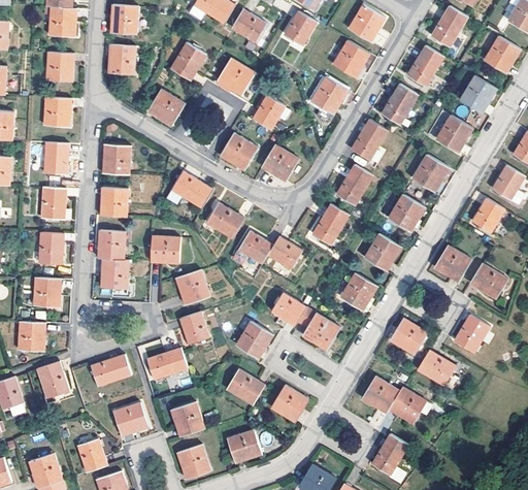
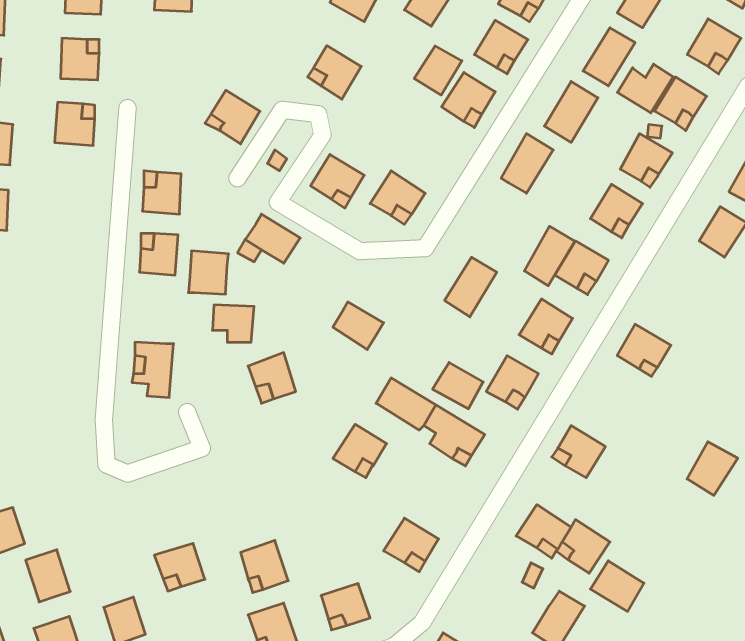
building: [170,42,205,79] -> none
building: [109,44,136,73] -> none
building: none -> [617,64,673,113]
building: [253,96,286,130] -> [414,46,462,95]
building: [43,142,68,174] -> none
building: [337,164,372,205] -> [524,226,575,286]
building: [41,188,66,219] -> none
building: [469,202,501,236] -> none
building: [206,203,244,238] -> none
building: [38,233,63,264] -> none
building: [94,234,122,264] -> [188,251,229,294]
building: [264,241,299,273] -> [433,362,483,409]
building: [467,268,505,303] -> none
building: [33,279,60,308] -> none
building: [180,312,209,345] -> none
building: [453,318,488,355] -> [687,442,738,495]
building: [16,322,43,351] -> none
building: [147,348,187,379] -> none
building: [415,353,452,388] -> [590,561,644,611]
building: [91,355,131,387] -> none
building: [37,363,68,399] -> [26,550,70,602]
building: [227,368,265,403] -> none

